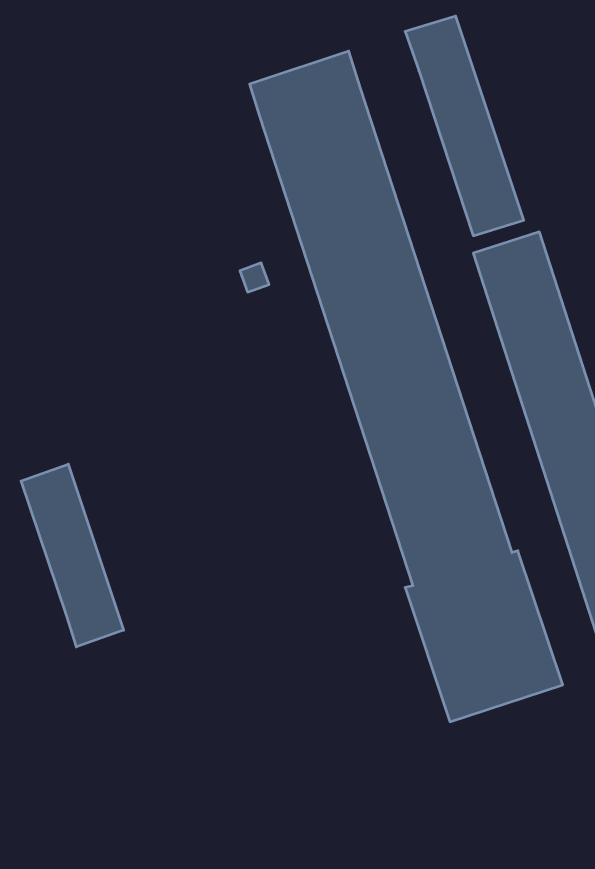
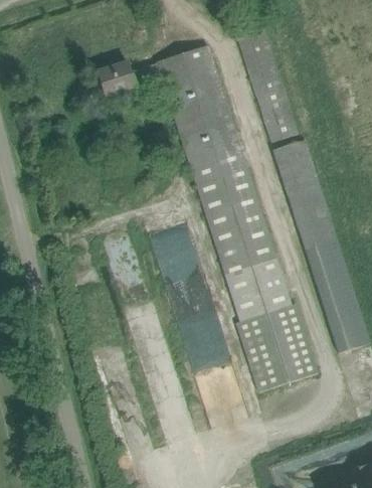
building: none -> [98,53,163,99]
building: [21,464,124,647] -> none

